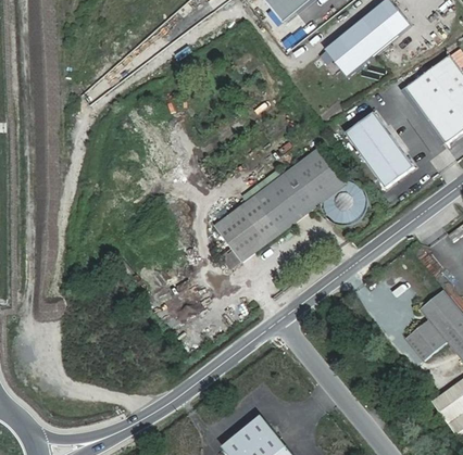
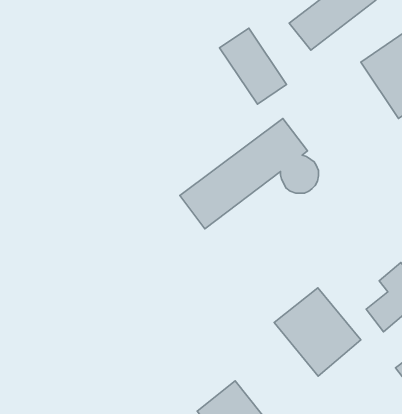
building: [345,105,412,181] -> [219,28,287,104]
building: none -> [274,288,361,376]

